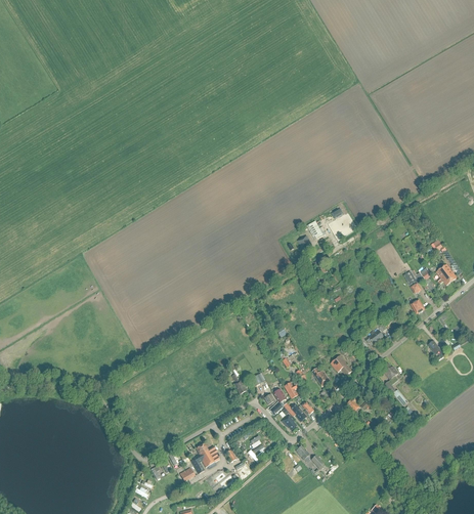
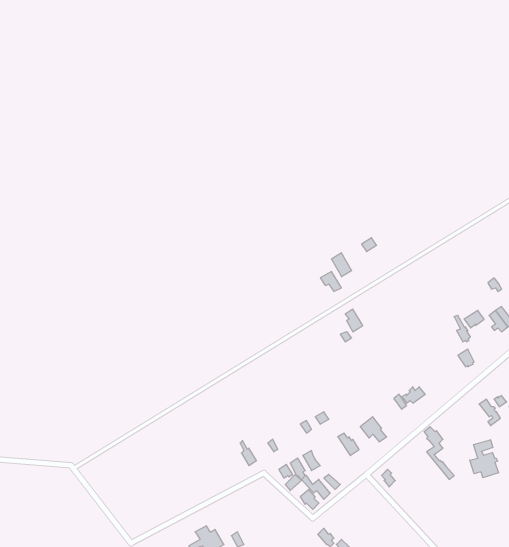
building: none -> [470,440,498,478]

